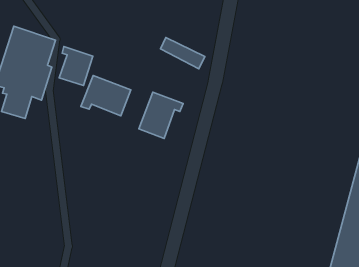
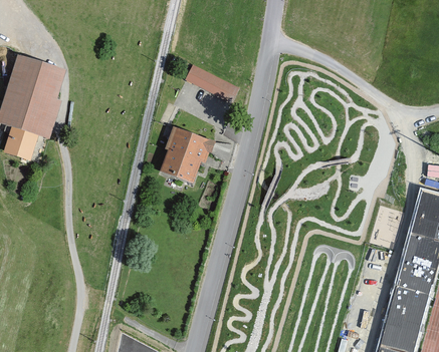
building: [59,47,93,86] -> none
building: [81,76,131,116] -> none

